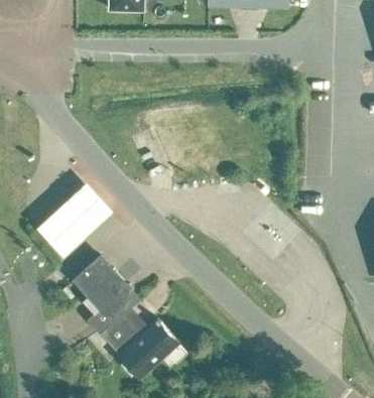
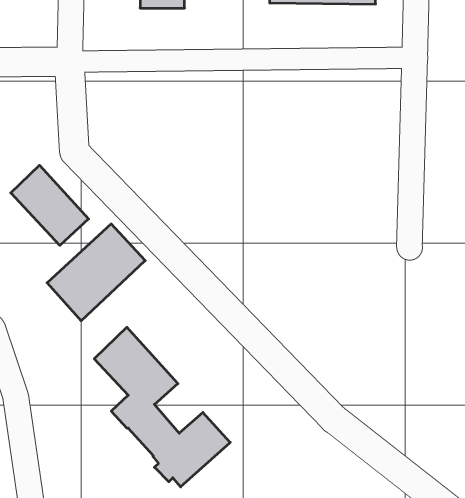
building: none -> [11,165,89,245]

